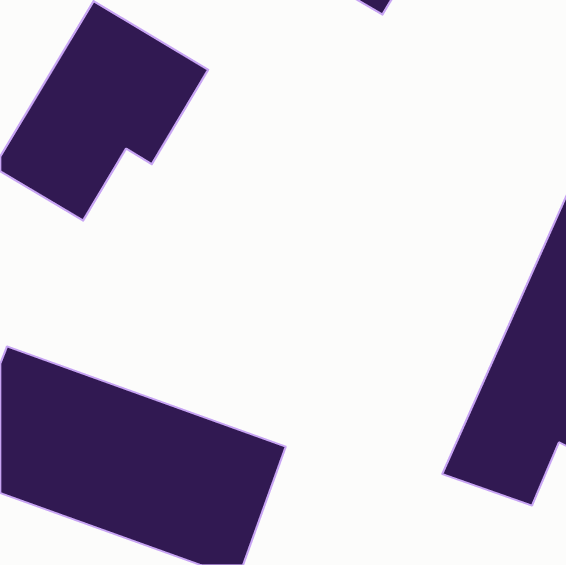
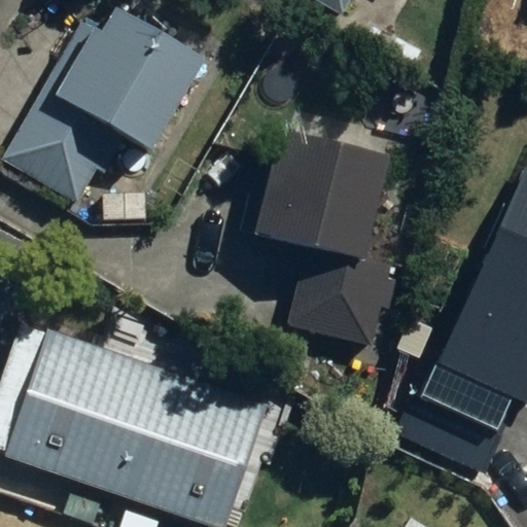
building: none -> [244,137,401,339]

